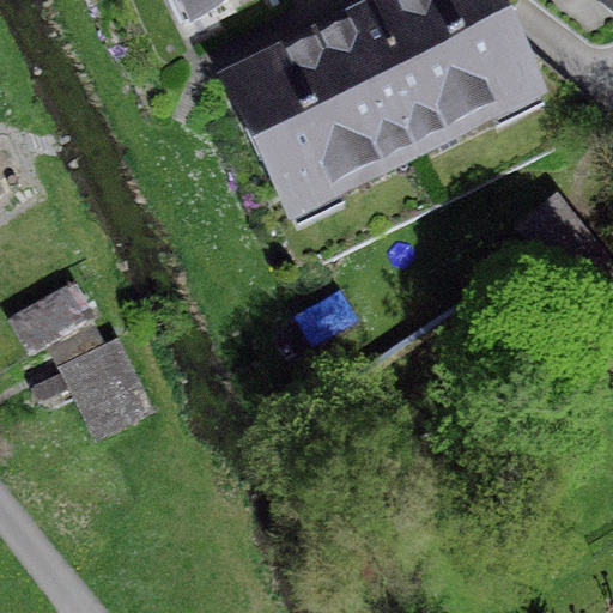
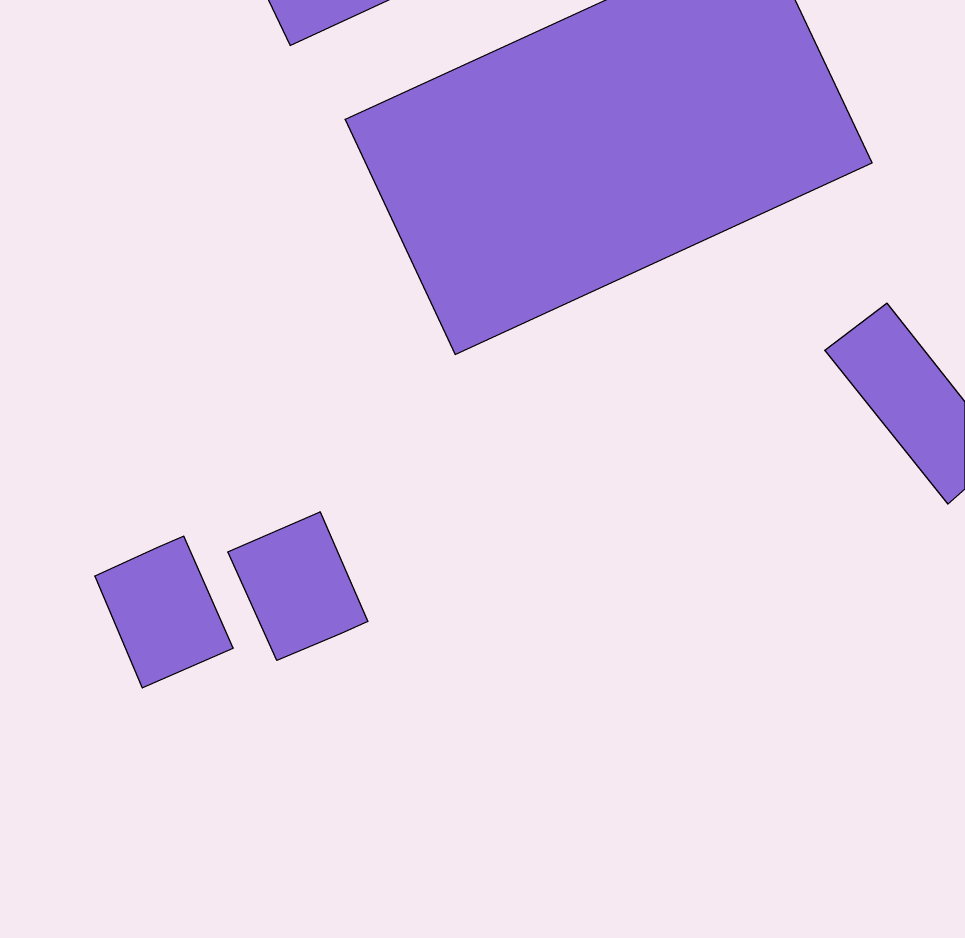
building: [13,284,99,372] -> none
building: none -> [228,512,368,660]

